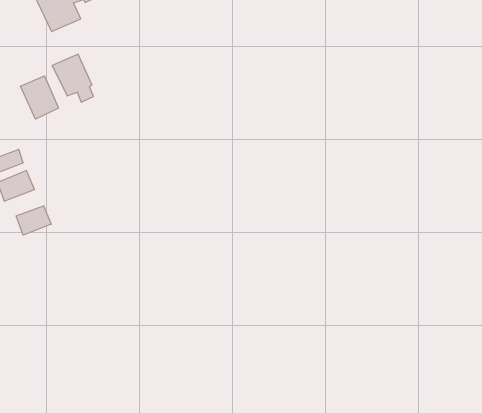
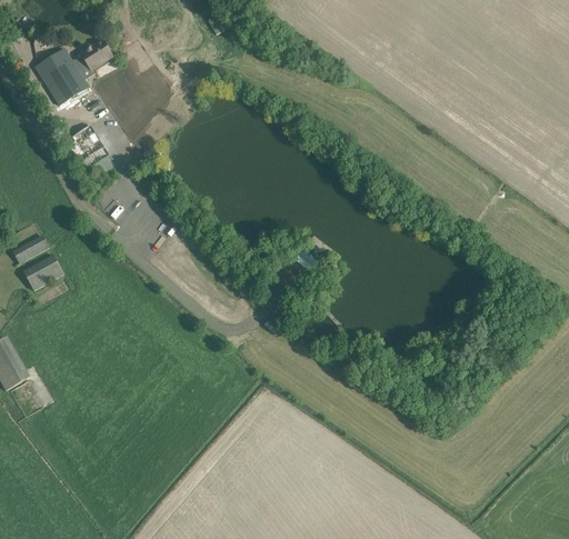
building: [20,76,58,119] -> none
building: [16,206,51,235] -> none

